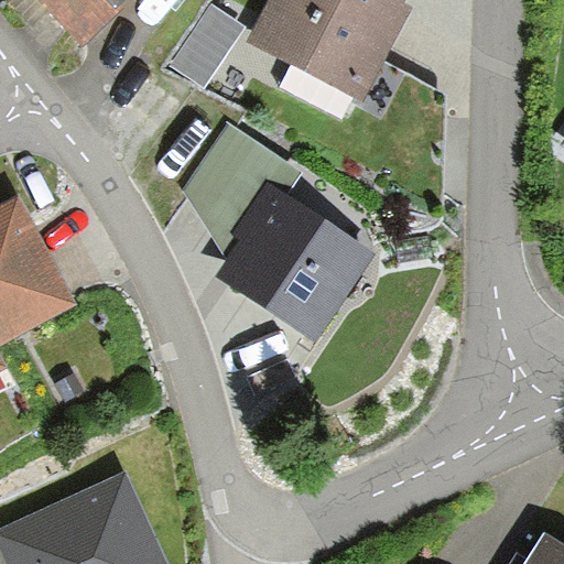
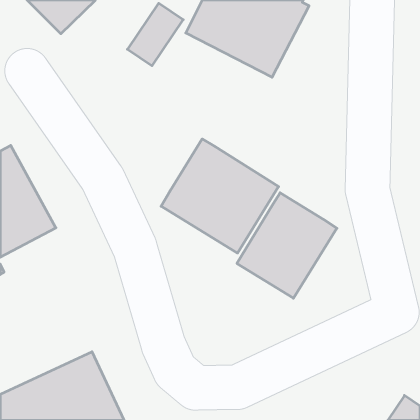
building: [183,122,302,256] -> none
building: none -> [237,193,337,298]

